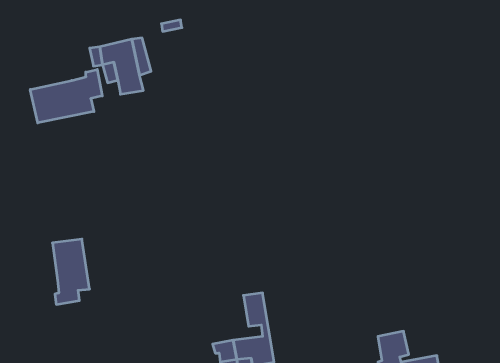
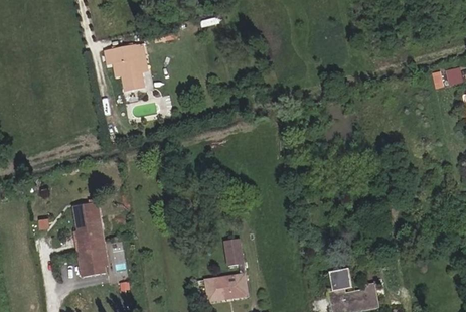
building: [30,69,102,123] -> none
building: none -> [77,240,106,275]

